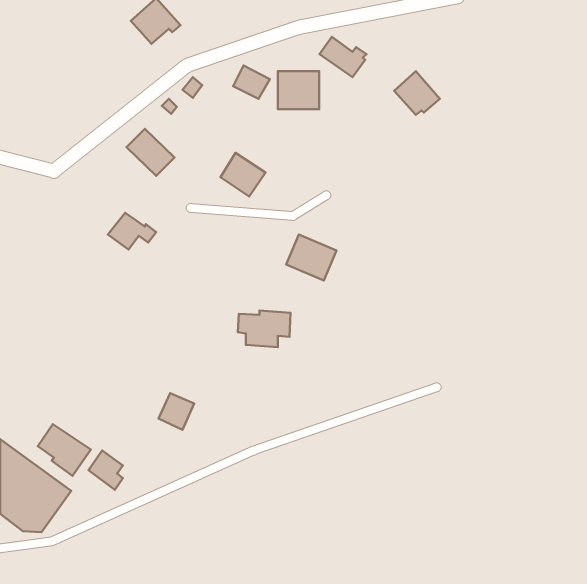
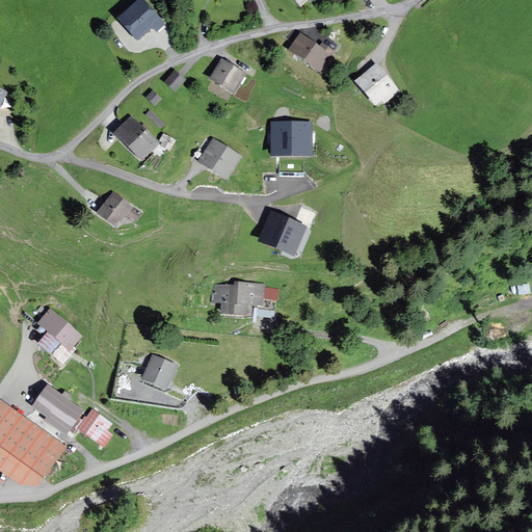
building: [278,71,319,109] -> [272,122,310,156]
building: none -> [38,309,80,362]

